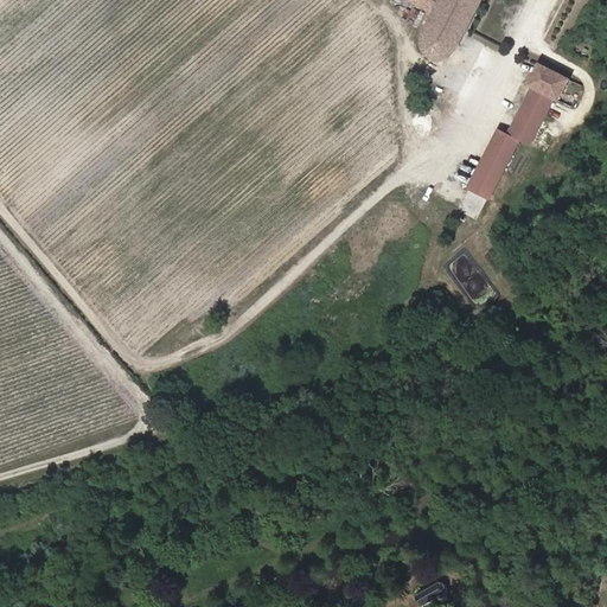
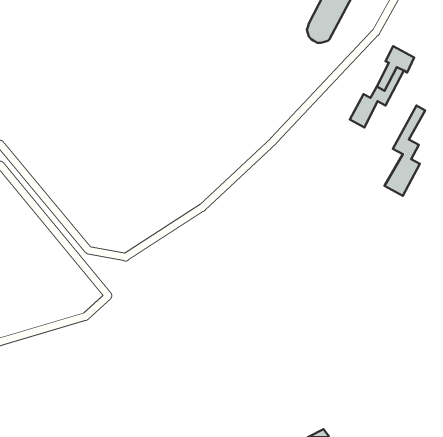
building: none -> [384,106,425,196]
building: [466,162,499,198] -> none

